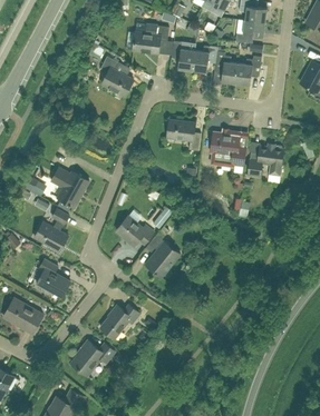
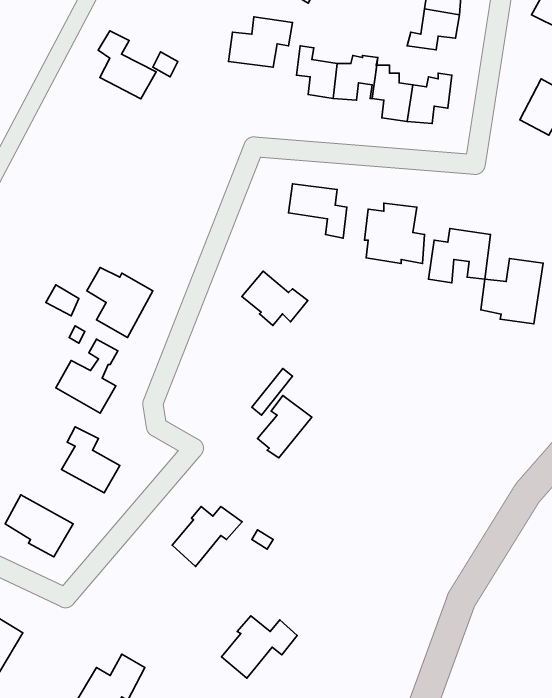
building: [99,56,133,95] -> [98,31,156,99]
building: none -> [481,258,543,324]
building: [115,215,153,246] -> [242,271,308,326]
building: [70,339,114,375] -> [222,616,297,678]

